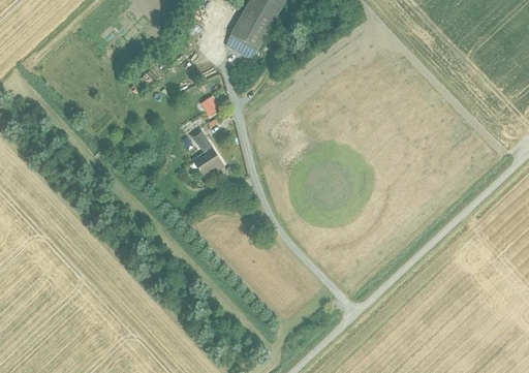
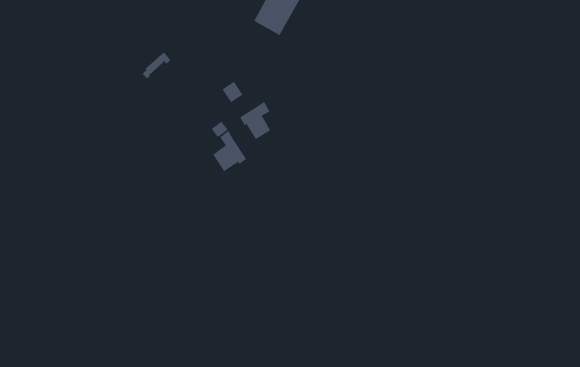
building: none -> [239,101,271,140]

